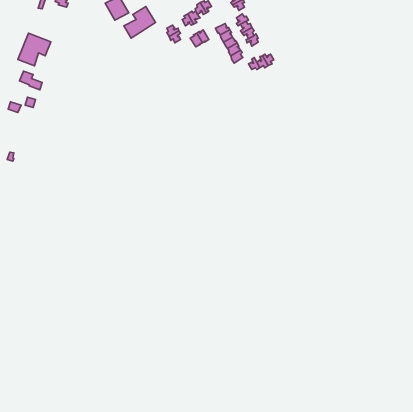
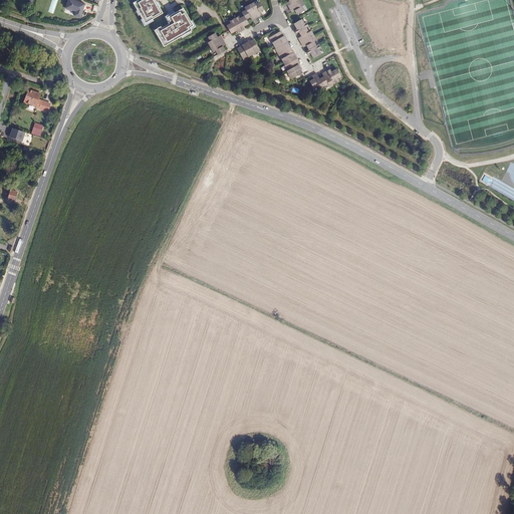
building: [18,33,51,66] -> none

